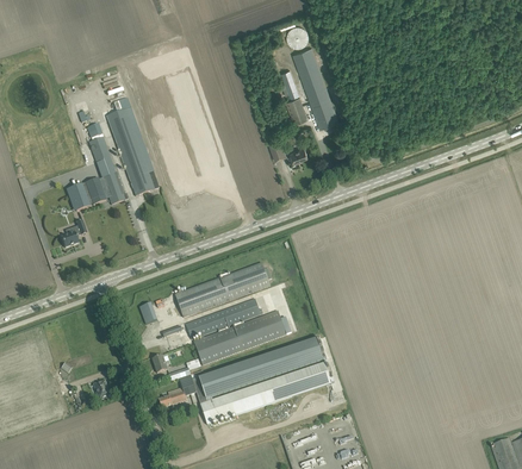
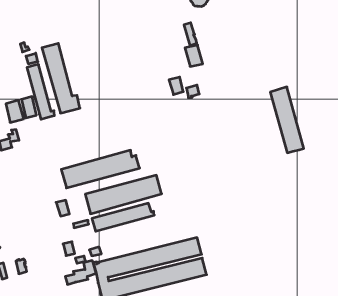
building: [291,45,338,127] -> [270,87,304,153]
building: [193,309,291,363] -> [61,150,140,188]

